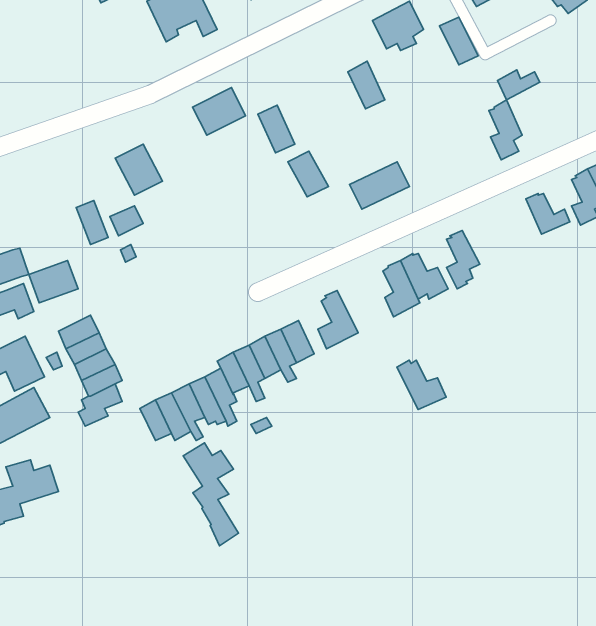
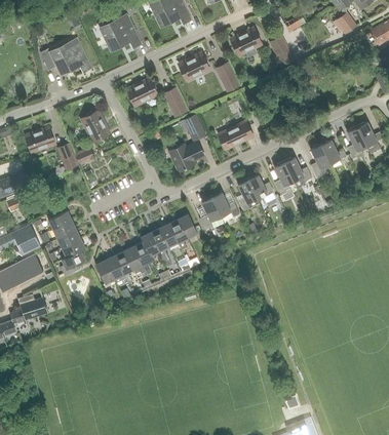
building: none -> [40,38,90,75]
building: none -> [179,53,208,80]
building: [489,100,522,160] -> [310,143,329,177]
building: none -> [169,142,203,171]
building: none -> [283,157,312,189]
building: [29,260,78,303] -> [26,127,54,152]
building: [397,360,446,409] -> [210,192,239,221]
building: [183,443,238,546] -> none

